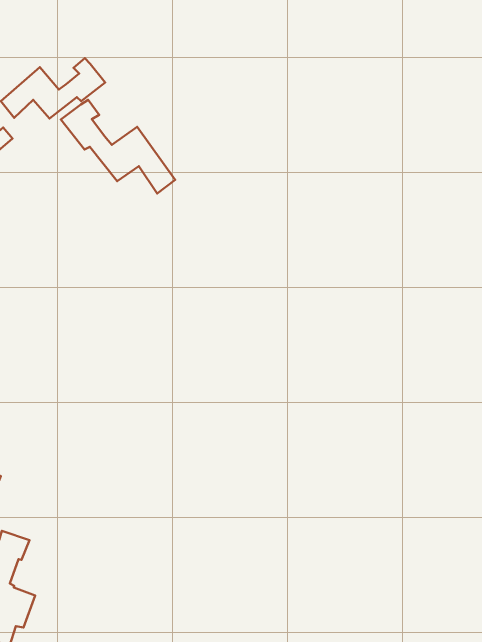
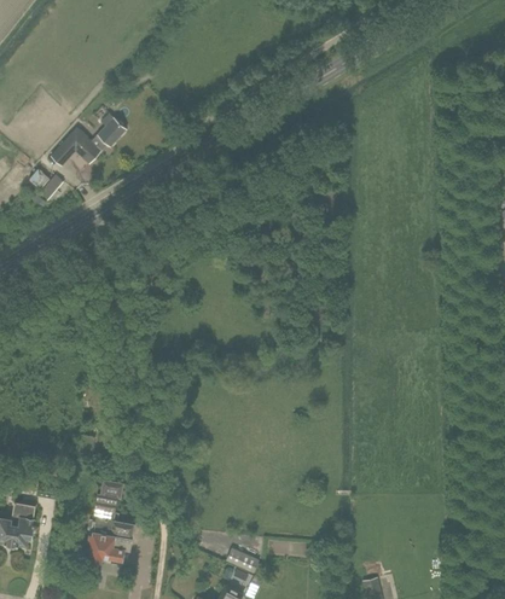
building: [61,100,175,193] -> none

